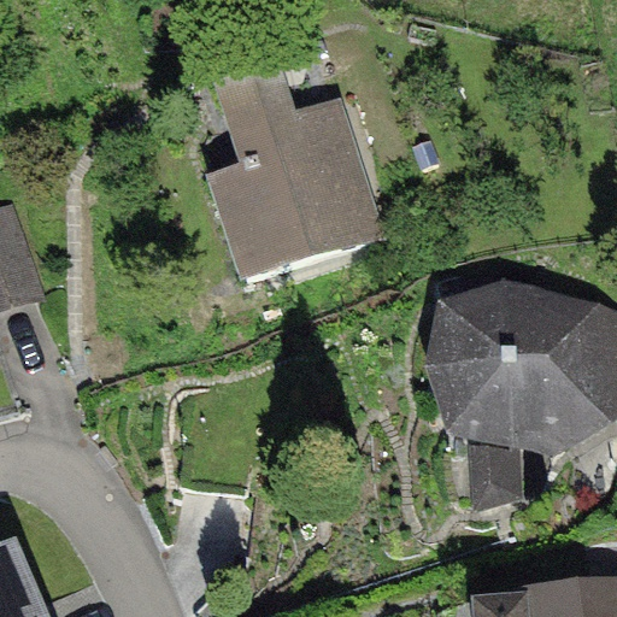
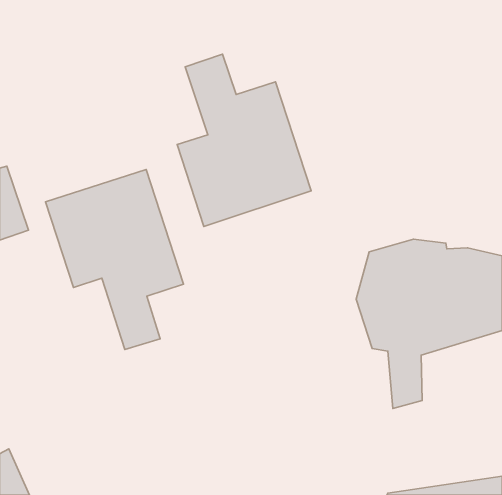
building: none -> [46,170,184,350]

